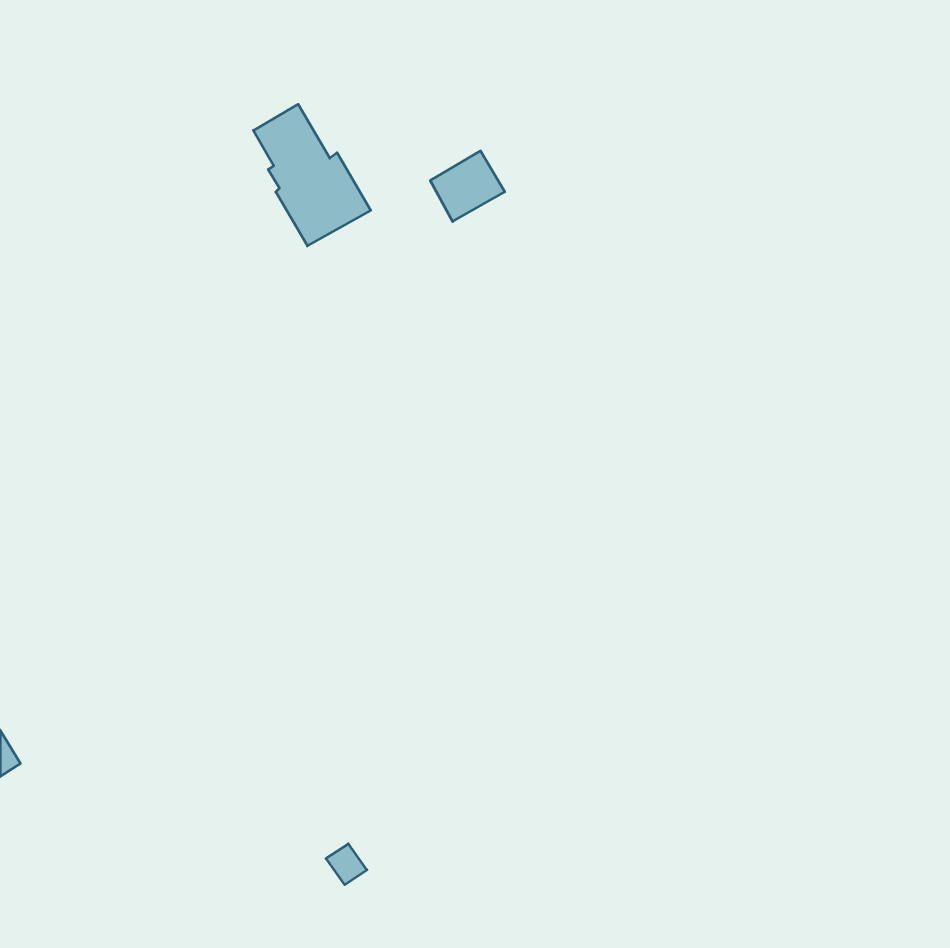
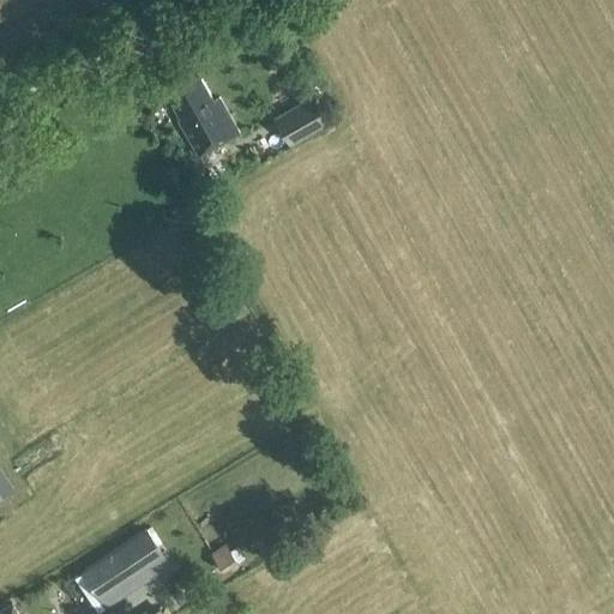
building: none -> [83,532,161,600]

